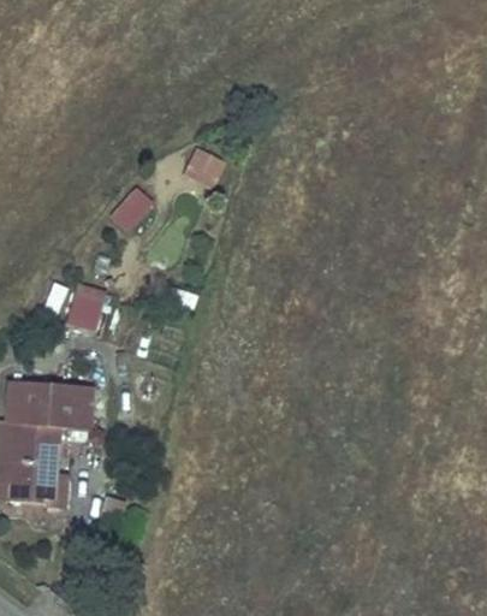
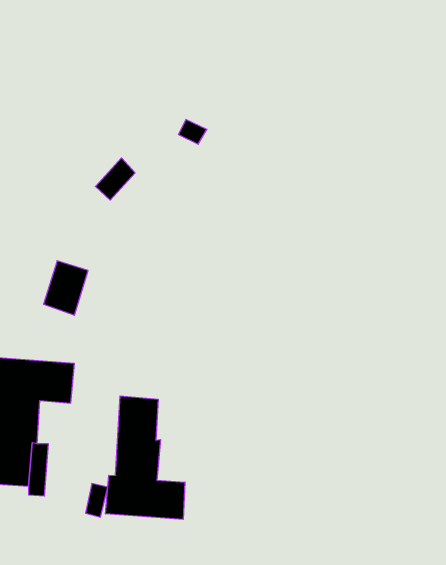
building: none -> [106,396,185,519]

